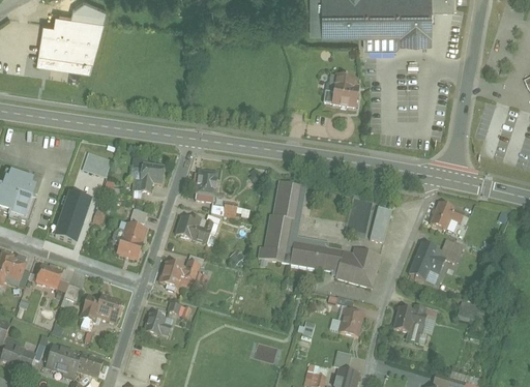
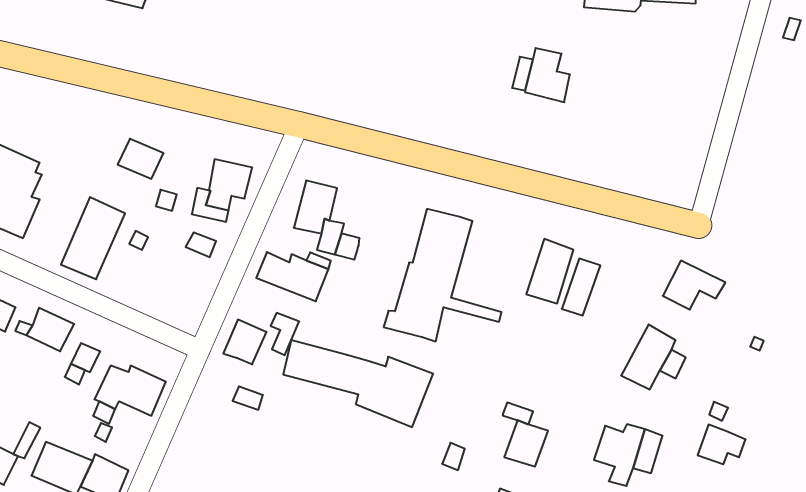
building: [116,220,147,260] -> none
building: [436,239,463,264] -> none
building: [289,241,382,289] -> [283,340,433,427]
building: [143,310,171,336] -> none

